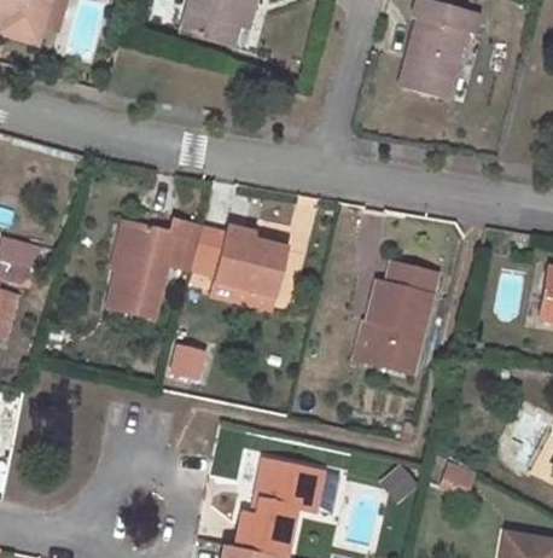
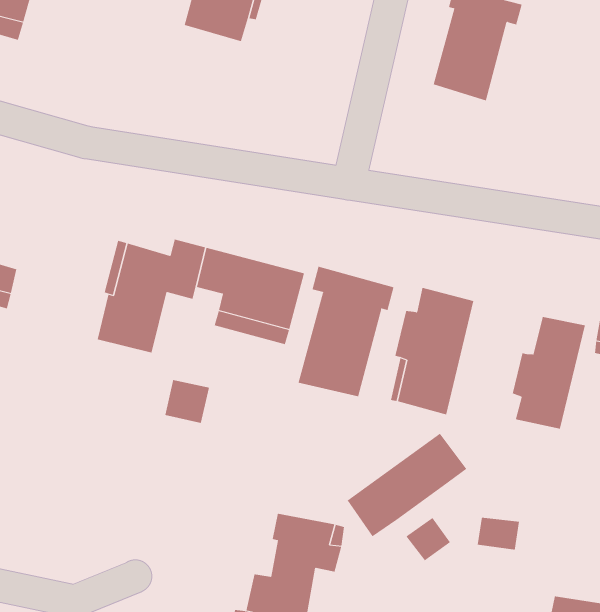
building: none -> [298,266,394,397]
building: none -> [512,316,586,430]
building: none -> [347,433,467,537]

